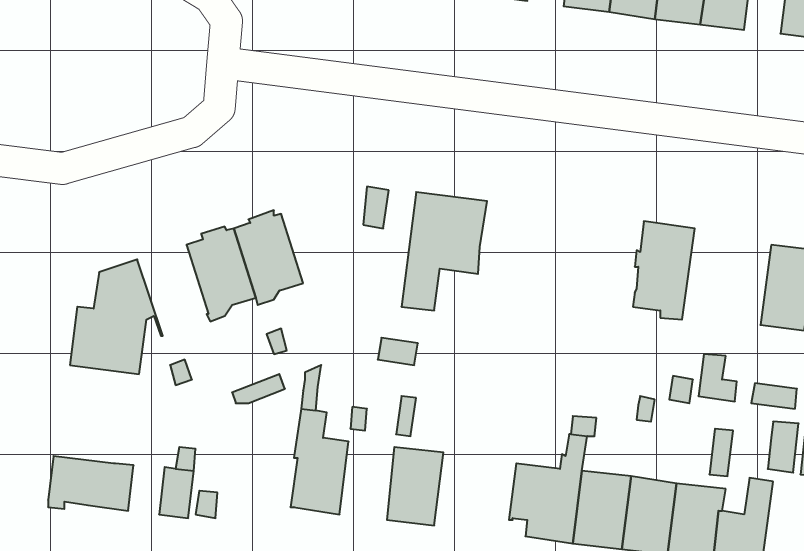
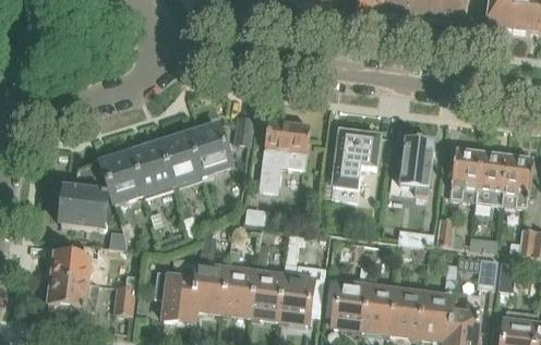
building: none -> [188,123,231,180]
building: none -> [322,128,381,200]
building: none -> [450,149,481,200]
building: none -> [101,150,144,207]
building: none -> [279,230,324,323]
building: none -> [51,251,92,283]
building: none -> [223,270,255,317]
building: none -> [155,272,197,323]

